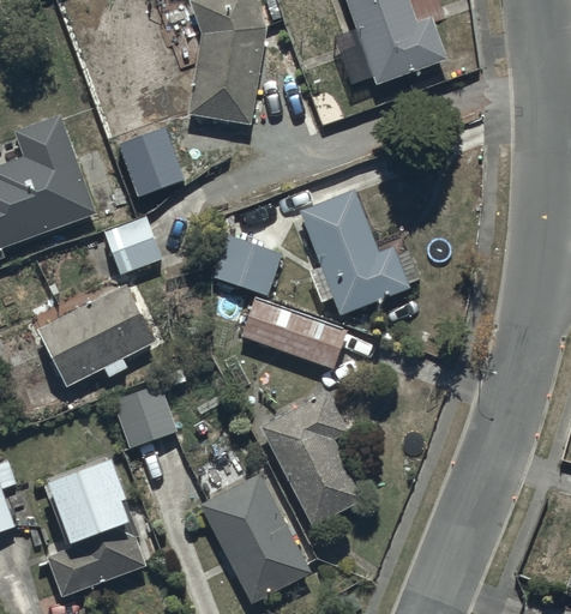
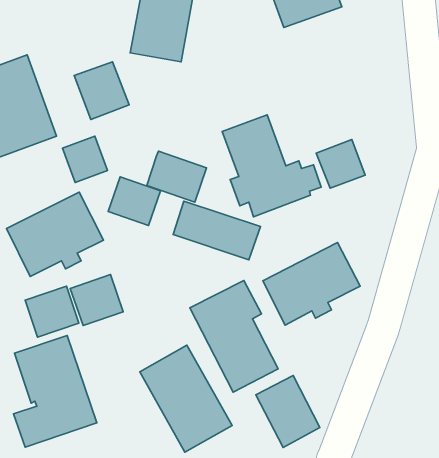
building: none -> [316,140,365,188]
building: none -> [108,177,161,226]
building: none -> [263,243,360,325]
building: none -> [25,286,79,337]
building: none -> [256,376,320,448]

